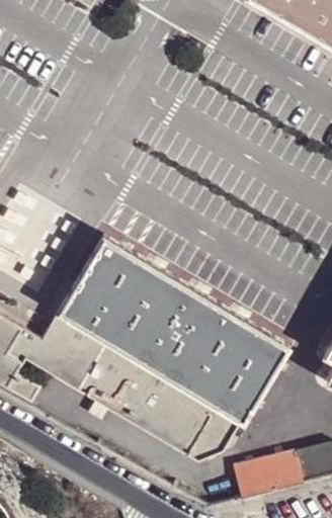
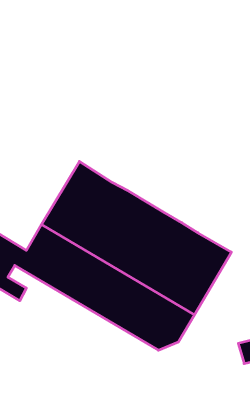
building: [236,448,305,498] -> none

